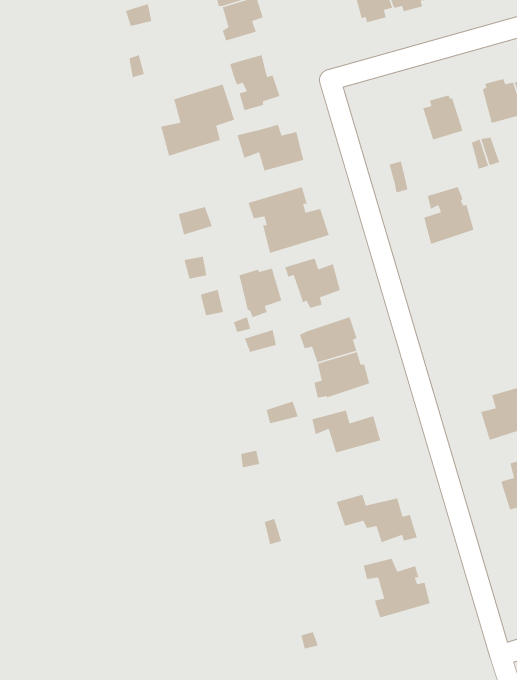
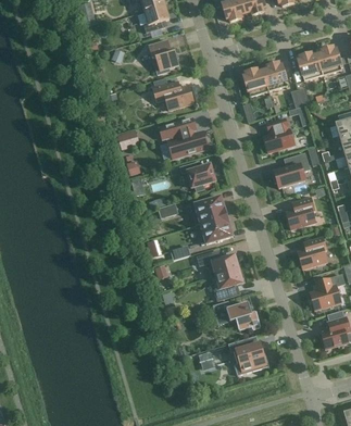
building: [160,84,235,157] -> none
building: none -> [243,70,268,96]
building: none -> [271,152,309,187]
building: [238,267,284,318] -> none
building: none -> [285,196,314,228]
building: none -> [211,268,242,300]

